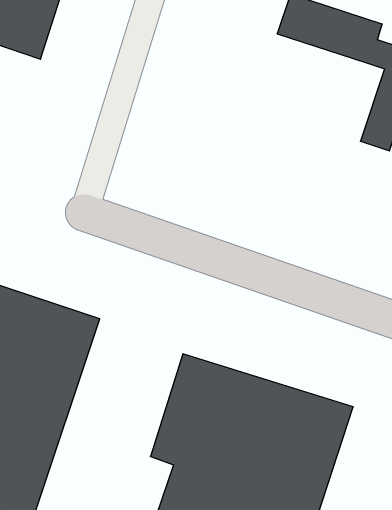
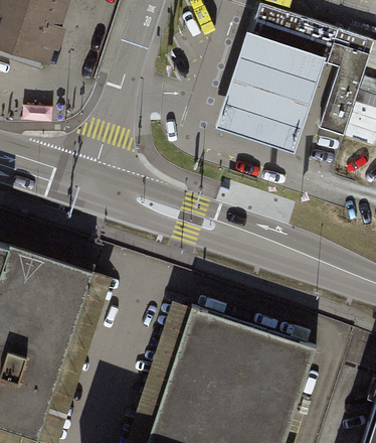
building: none -> [215,35,324,153]

